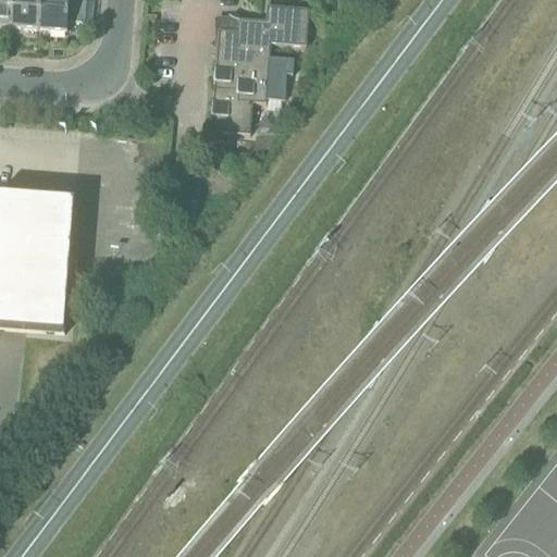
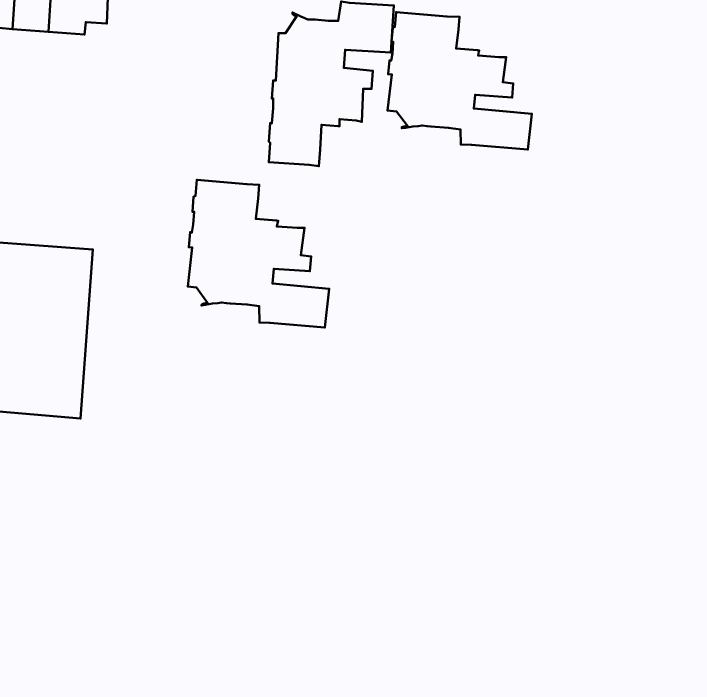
building: none -> [388,12,532,150]
building: none -> [188,180,329,328]

